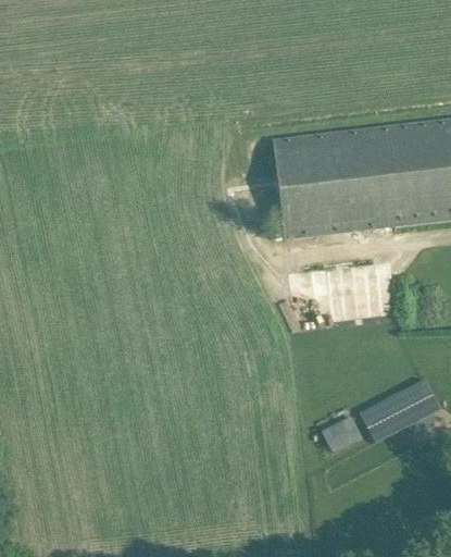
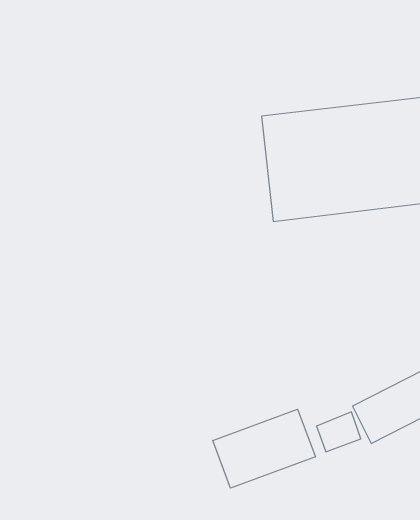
building: none -> [213,409,315,488]

